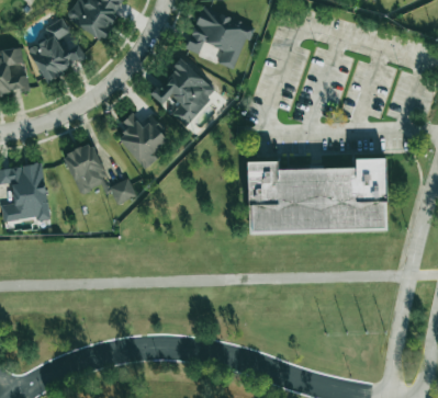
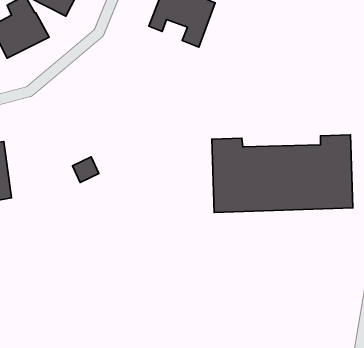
building: [150,60,216,126] -> none
building: [116,114,169,169] -> none
building: [63,143,109,194] -> none

